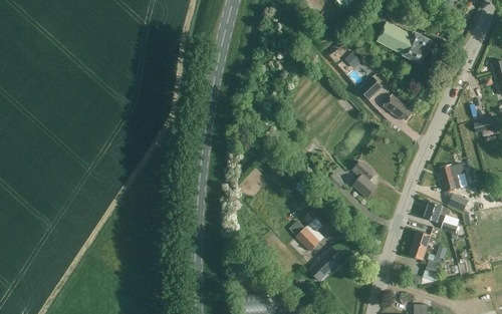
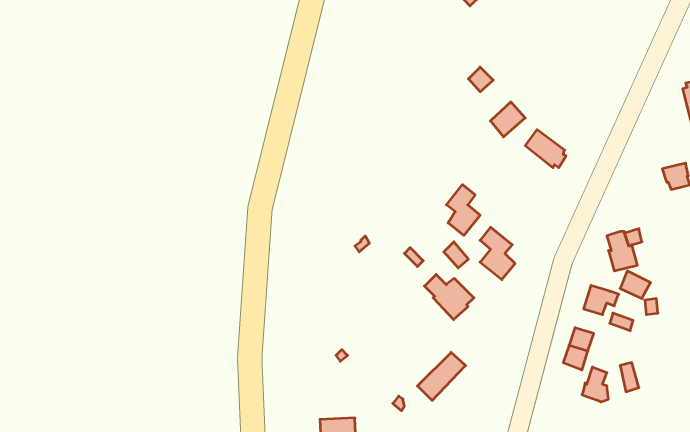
building: [376,22,433,64] -> none
building: none -> [446,185,480,235]
building: [290,220,324,251] -> [424,274,474,320]

